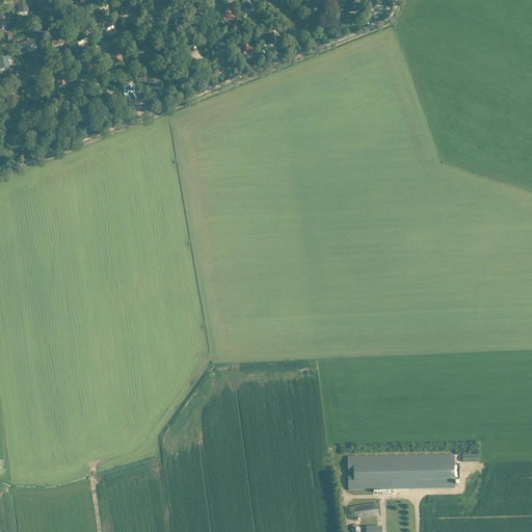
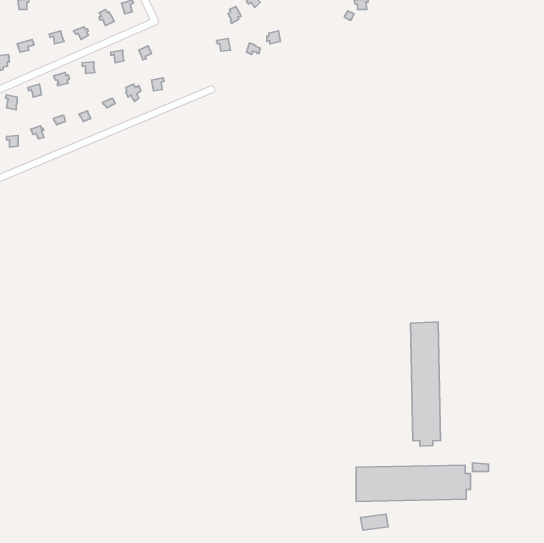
building: none -> [411,322,440,446]

